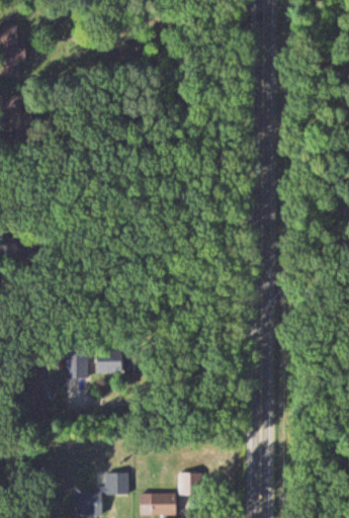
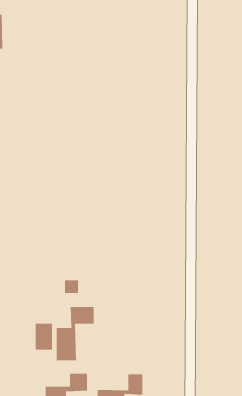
building: [66,345,88,378] -> [35,323,53,350]
building: none -> [56,306,94,361]

